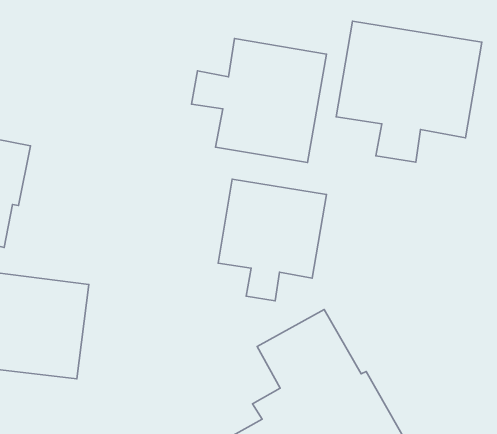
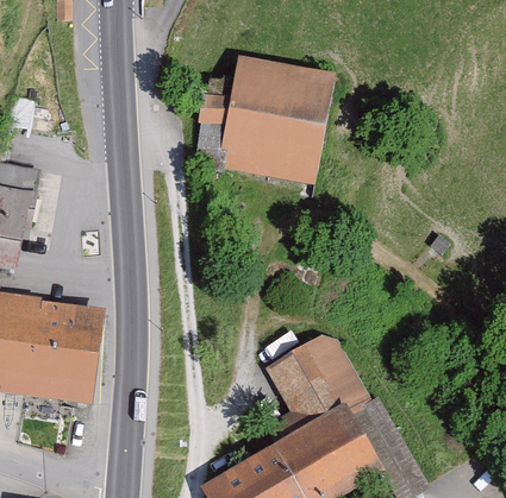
building: [336,21,482,162] -> none
building: [218,179,326,301] -> none

